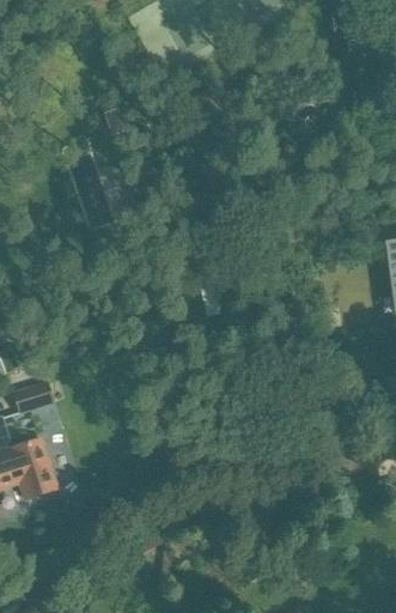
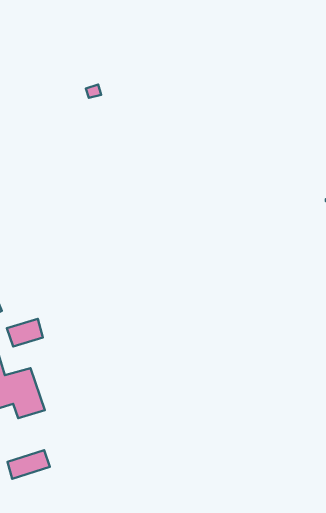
building: none -> [8,450,50,479]

